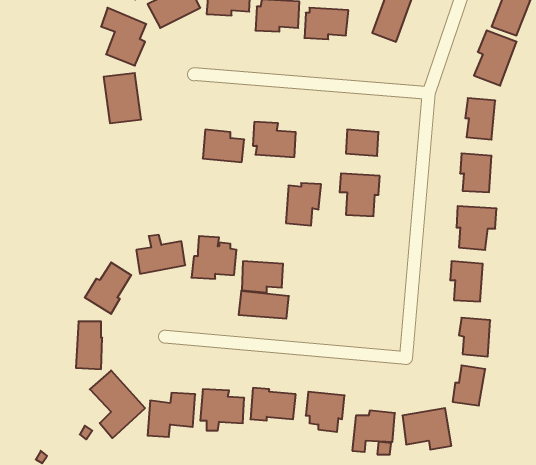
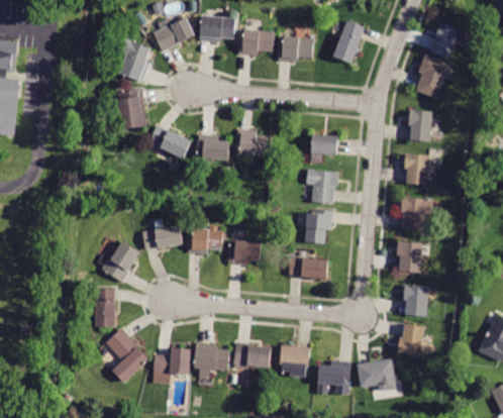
building: none -> [147,124,191,159]
building: [286,183,321,226] -> [304,210,332,244]
building: [239,291,289,319] -> [287,256,327,279]

